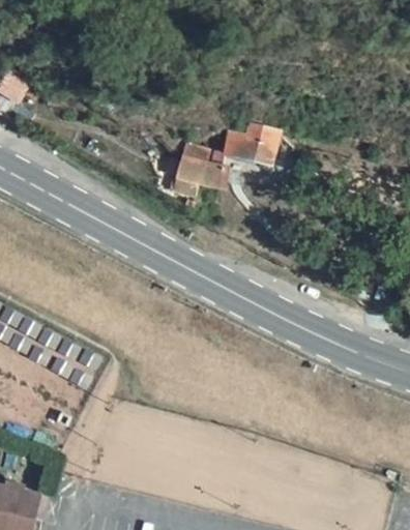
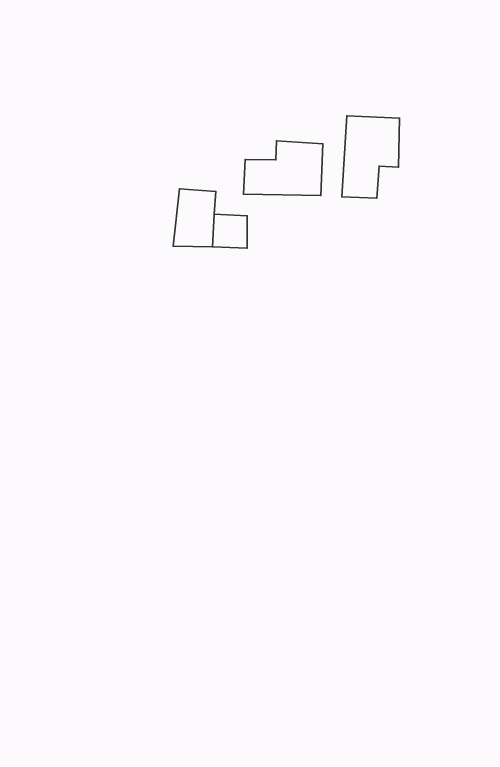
building: none -> [342,116,399,198]

